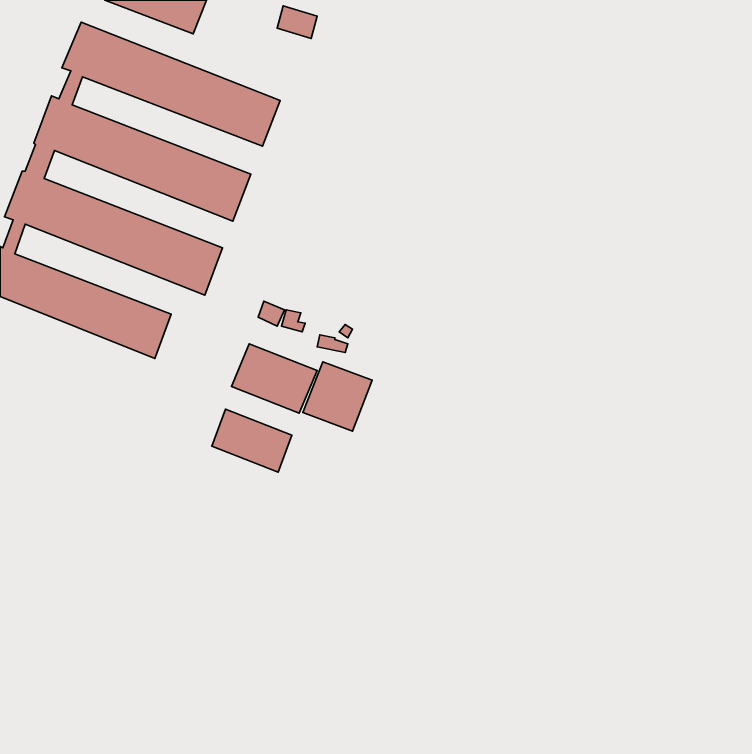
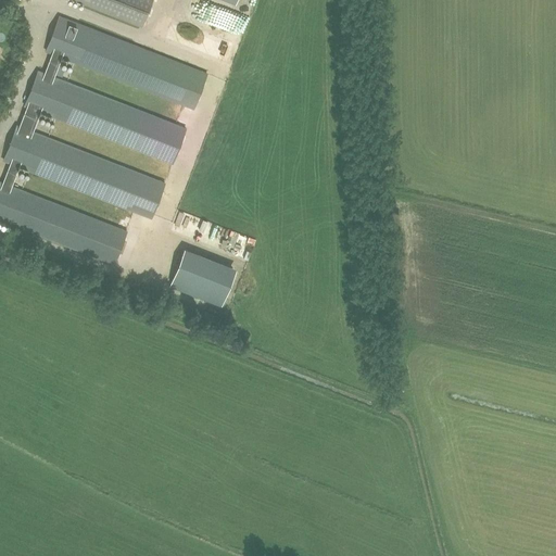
building: [303,362,372,431] -> none
building: [212,409,292,472] -> none

